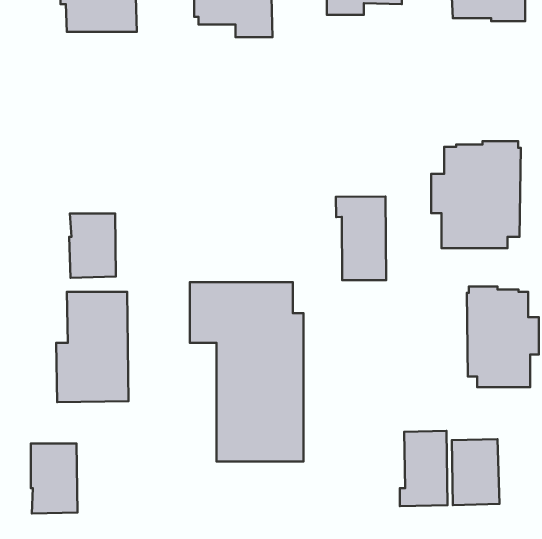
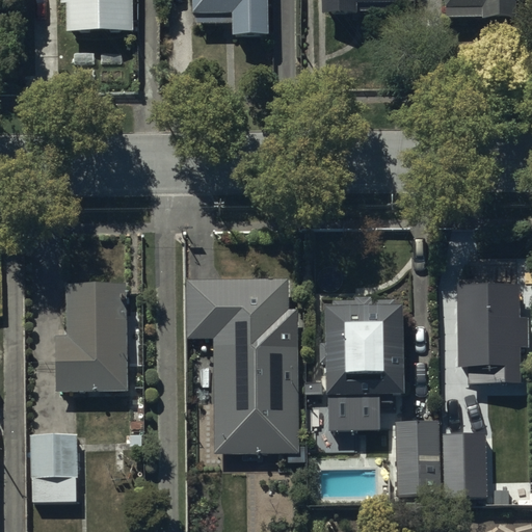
building: [431,141,521,248] -> none
building: [336,197,386,280] -> none
building: [69,213,116,278] -> none
building: none -> [319,297,402,429]

